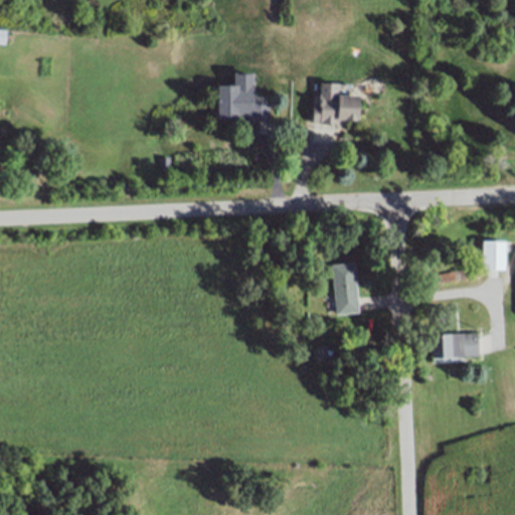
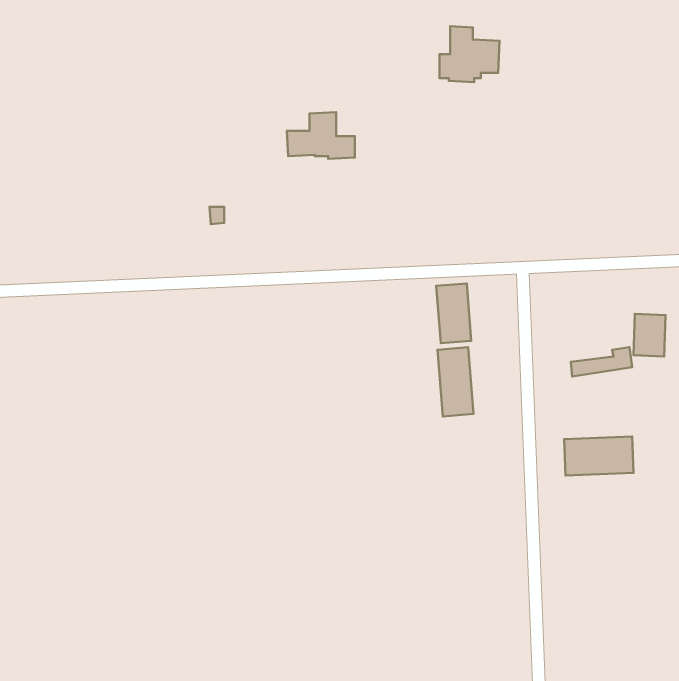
building: [314,82,359,125] -> [440,26,500,82]
building: none -> [436,284,471,343]

